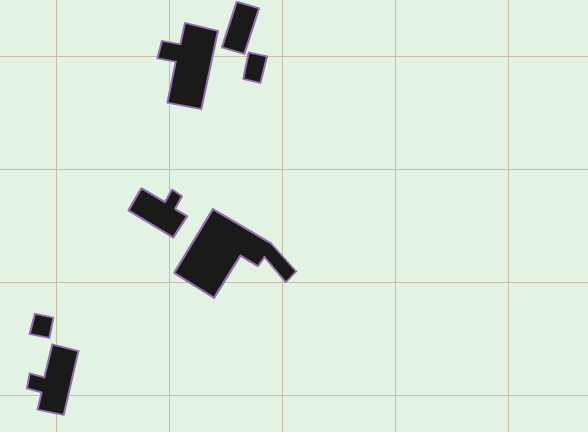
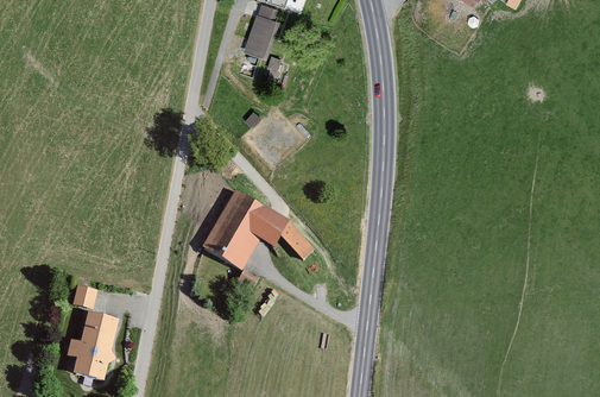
building: [157,23,218,109] -> none
building: [129,188,187,238] -> none

